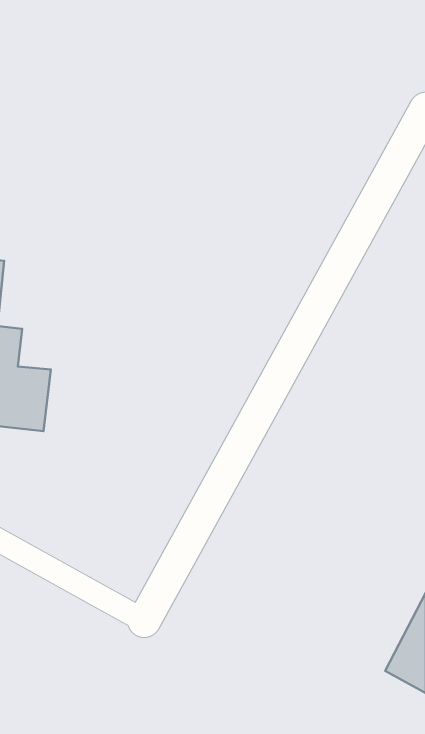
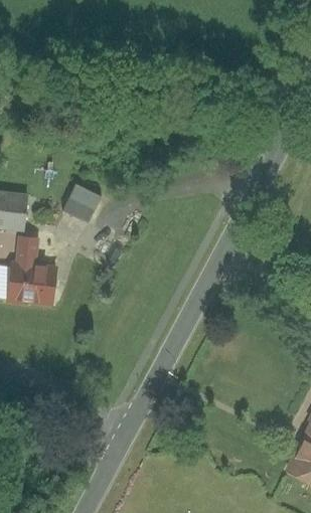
building: none -> [63,184,102,221]

